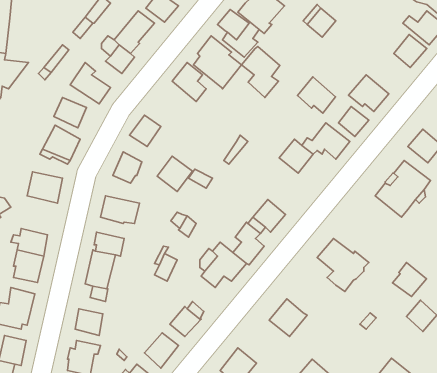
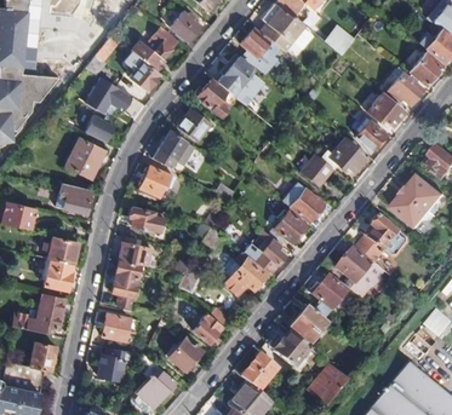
building: [241,47,280,97] -> none
building: [298,77,335,113] -> [385,69,422,104]
building: [157,156,192,191] -> [176,108,210,142]
building: none -> [284,183,322,220]
building: [393,263,427,297] -> [364,215,396,248]
building: none -> [311,276,347,319]
building: none -> [274,332,310,367]

